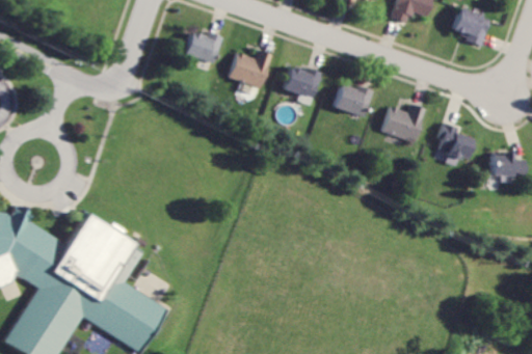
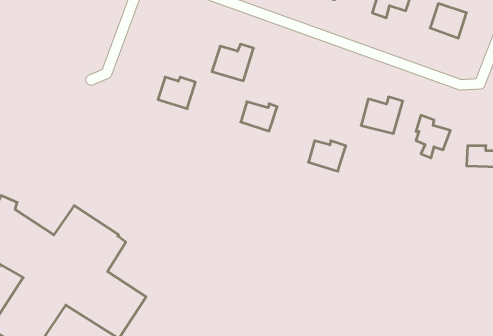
building: [185,31,223,63] -> [158,77,195,109]
building: [285,67,322,98] -> [241,102,277,131]
building: [336,85,374,116] -> [308,141,346,171]

